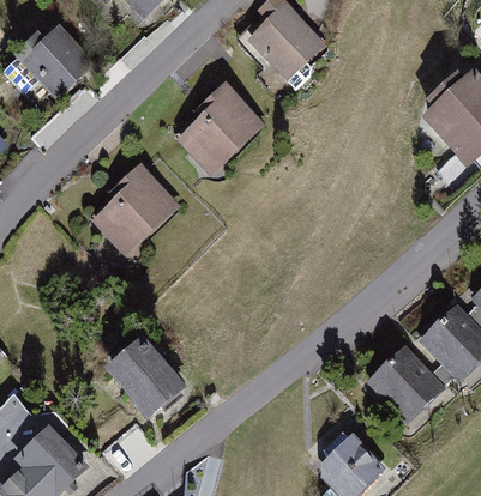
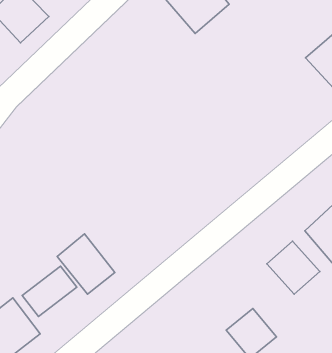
building: [179,91,259,171] -> none
building: [92,170,176,254] -> none
building: none -> [22,266,77,317]

